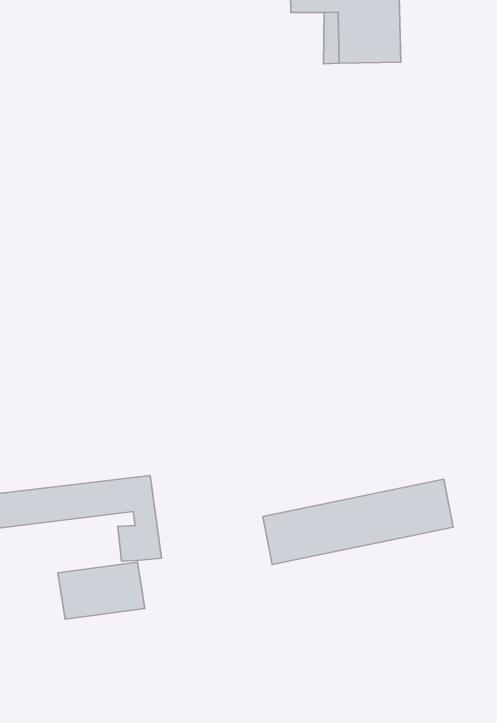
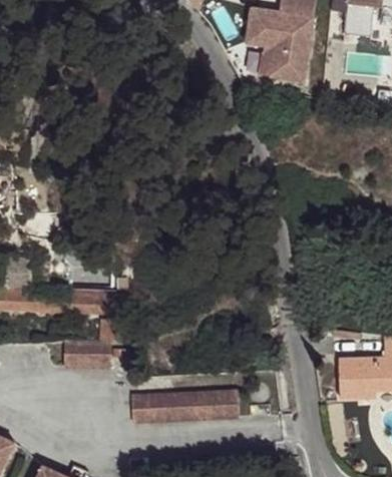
building: [263,479,453,565] -> [130,390,238,423]

